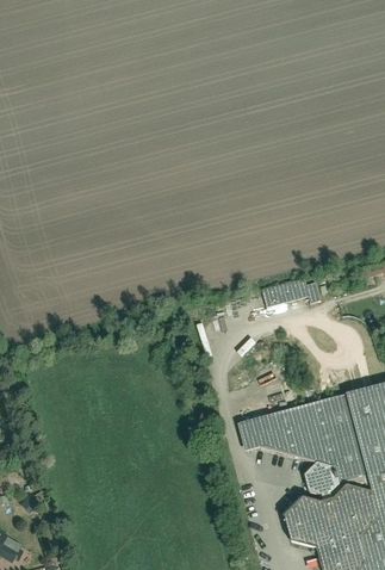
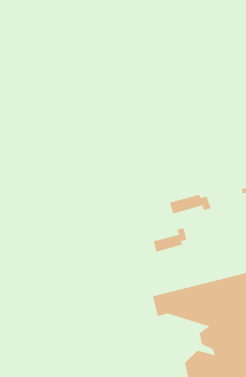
building: none -> [153,228,187,252]

